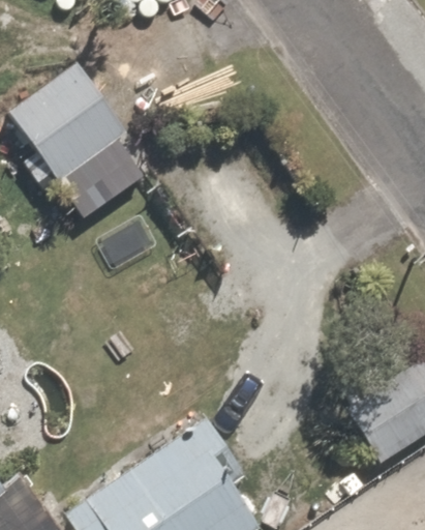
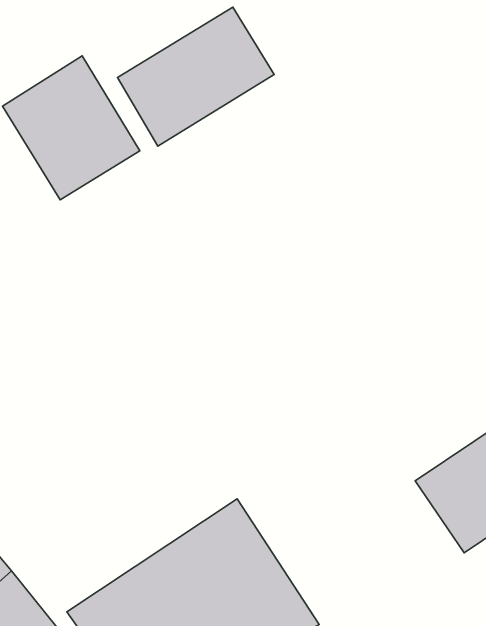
building: none -> [118,7,274,146]

